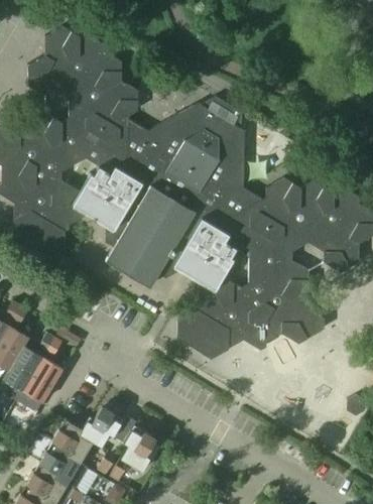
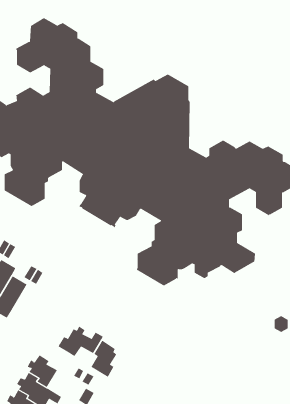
building: [17,356,63,410] -> none
building: [54,421,93,462] -> none

